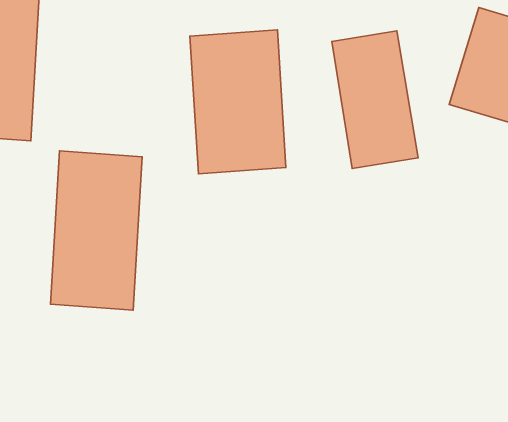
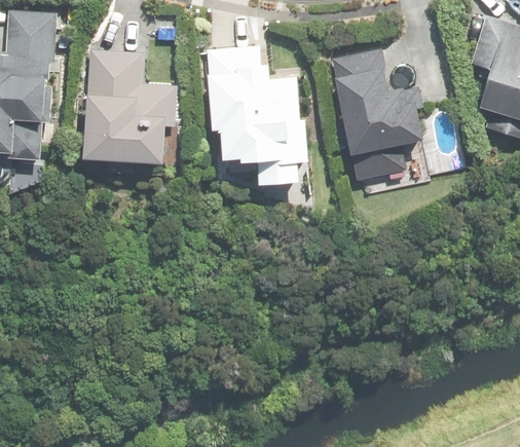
building: none -> [84,54,173,163]
building: [50,151,142,310] -> none

